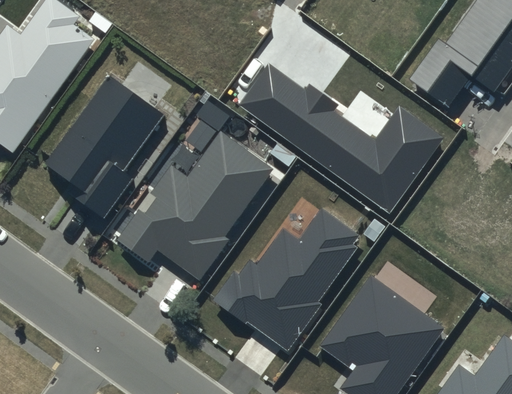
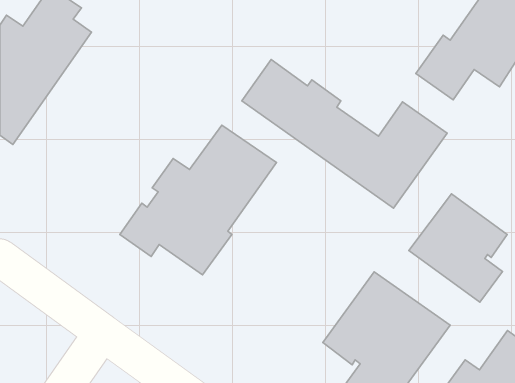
building: [46,74,166,218] -> none
building: none -> [409,194,507,302]
building: [214,209,361,350] -> none

